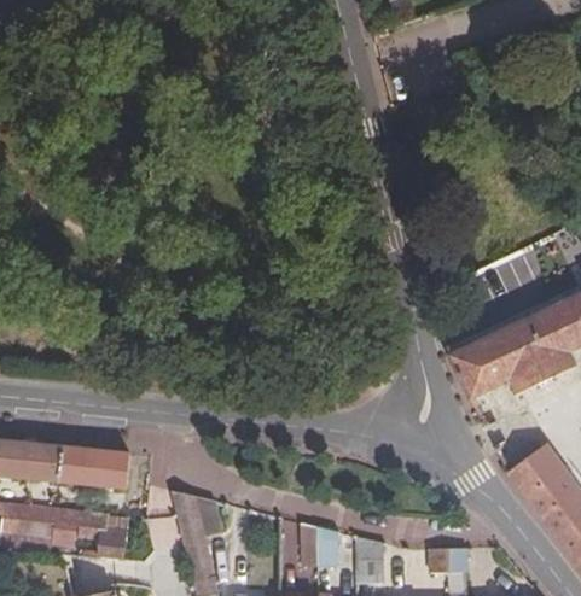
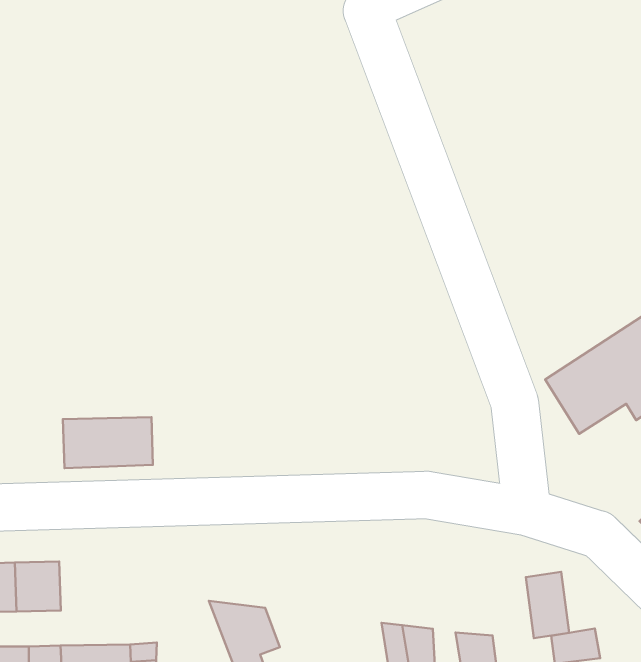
building: [58,445,129,489] -> [63,417,153,468]
building: none -> [526,572,569,638]

